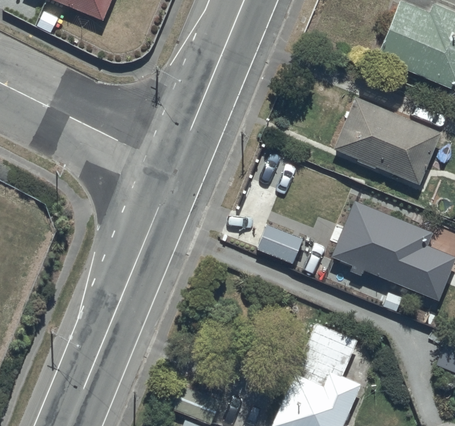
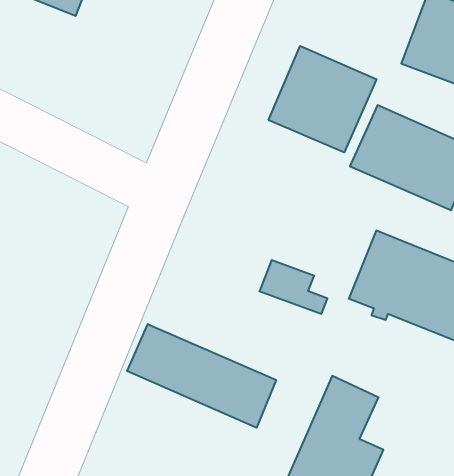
building: none -> [269,46,376,152]
building: none -> [127,324,276,428]

